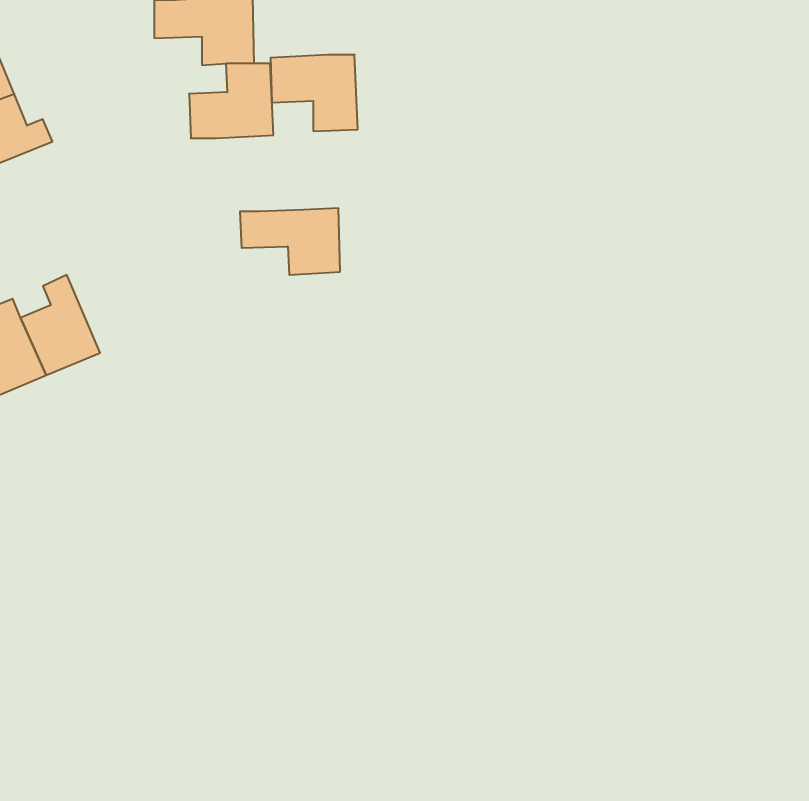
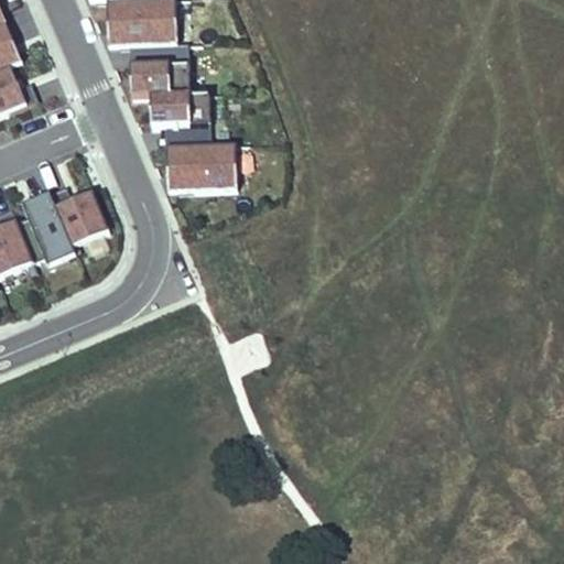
building: [270,55,358,131] -> [150,94,210,147]
building: none -> [46,184,107,245]

